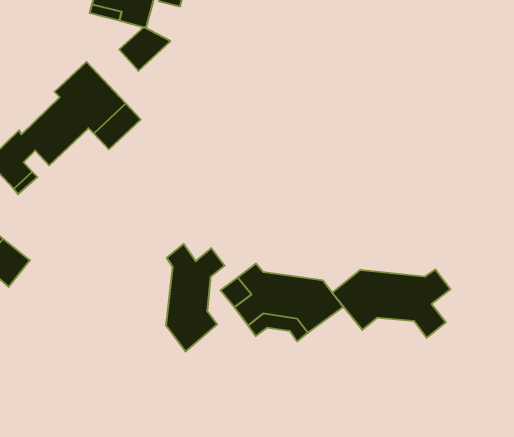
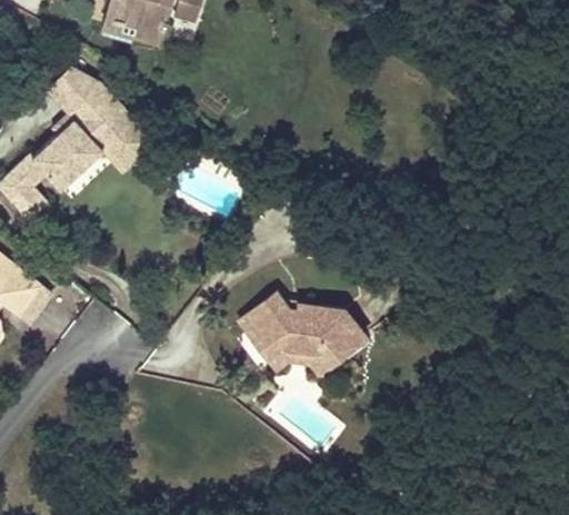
building: [119,27,170,71] -> [46,68,99,113]
building: [166,244,225,352] -> none
building: [332,269,451,338] -> none

